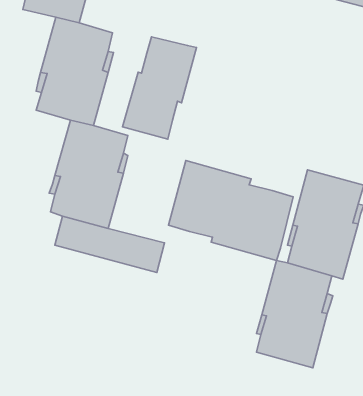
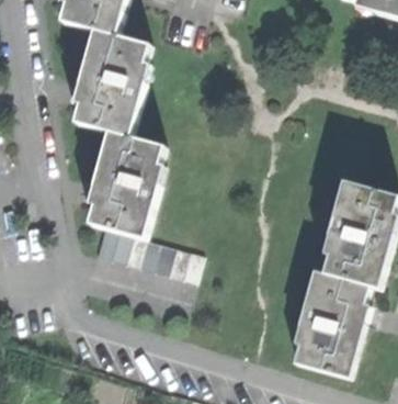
building: [123,37,196,139] -> none
building: [168,160,293,260] -> none

